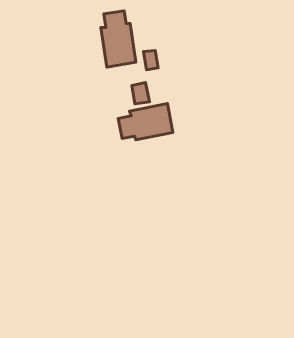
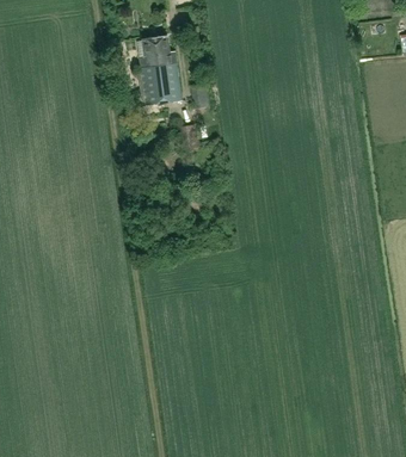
building: [118,103,173,140] -> none

